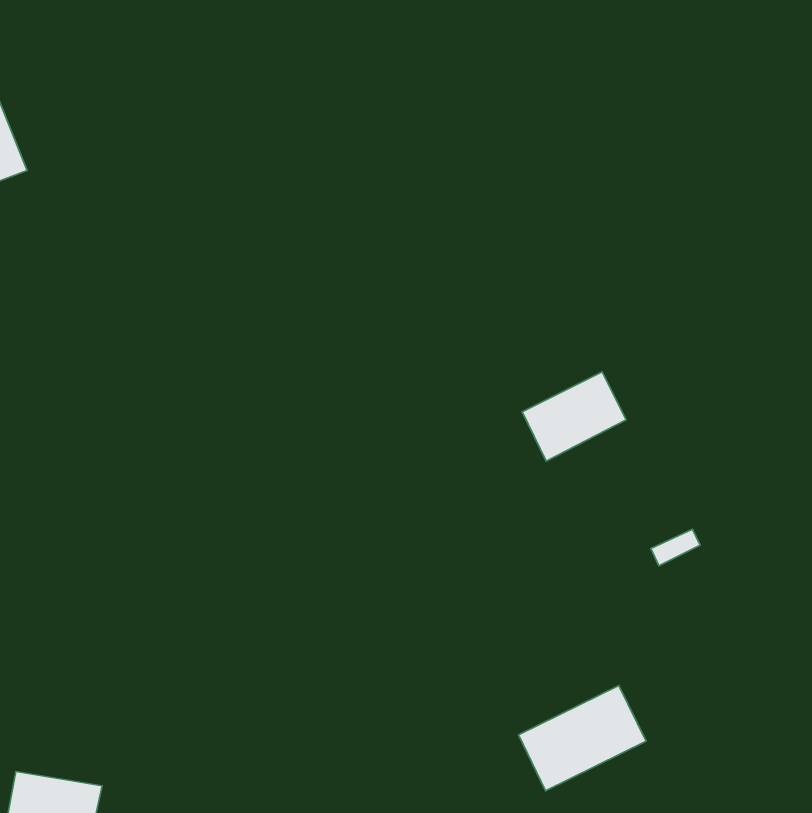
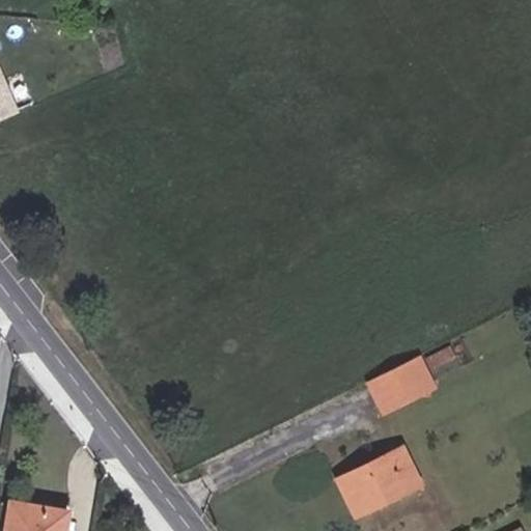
building: [522,372,626,461] -> [366,355,434,413]

